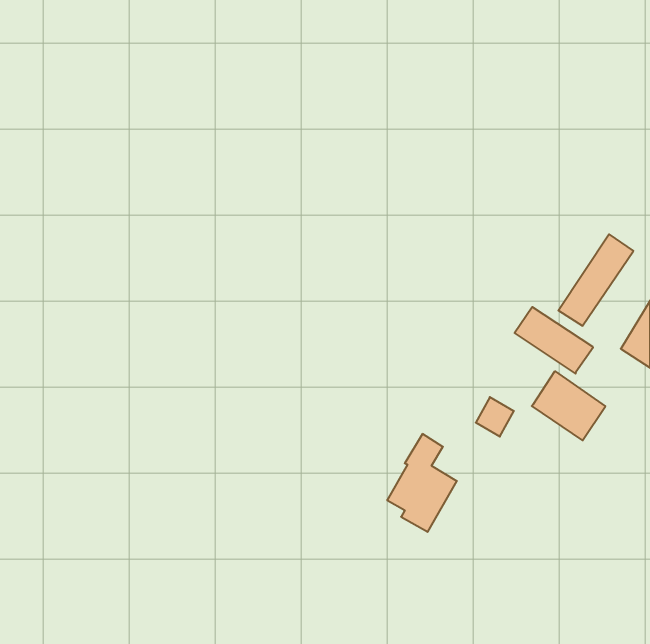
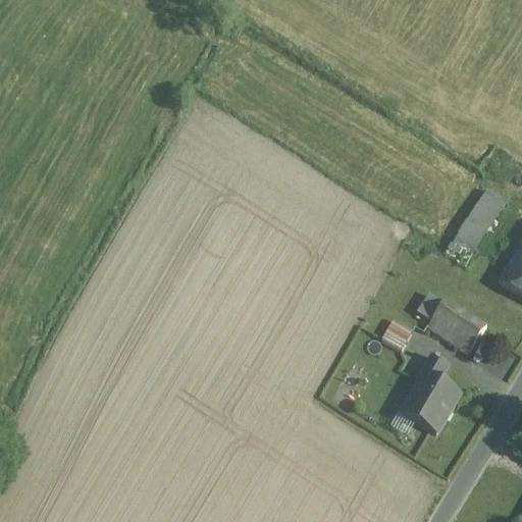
building: [515,307,593,374] -> none
building: [387,434,457,532] -> [403,355,459,433]

